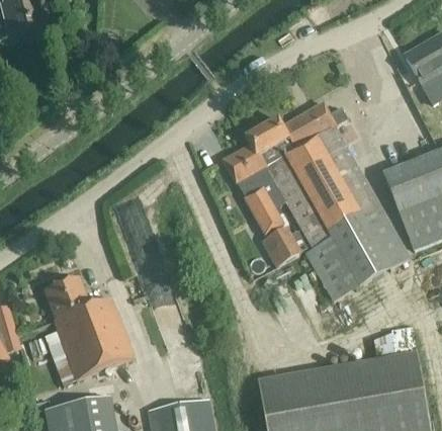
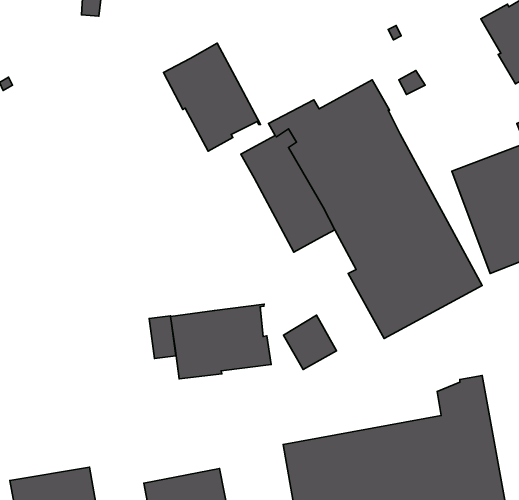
building: none -> [164,43,261,151]
building: [261,225,301,266] -> [283,315,336,370]
building: none -> [170,304,271,379]
building: [45,275,136,384] -> none

